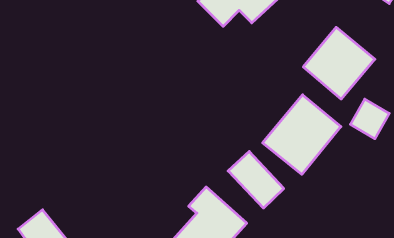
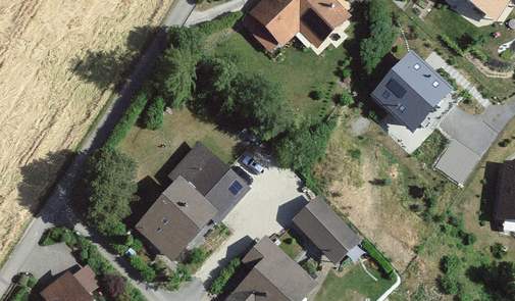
building: [263,95,341,174] -> none
building: none -> [135,147,252,260]

